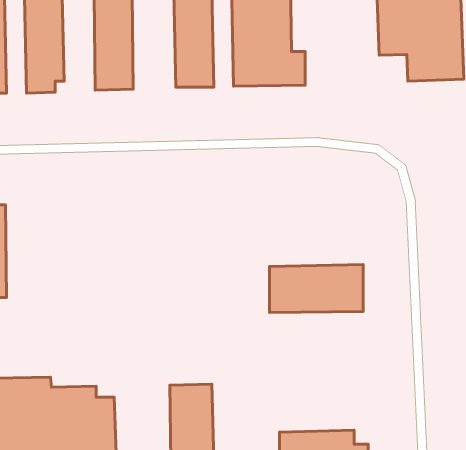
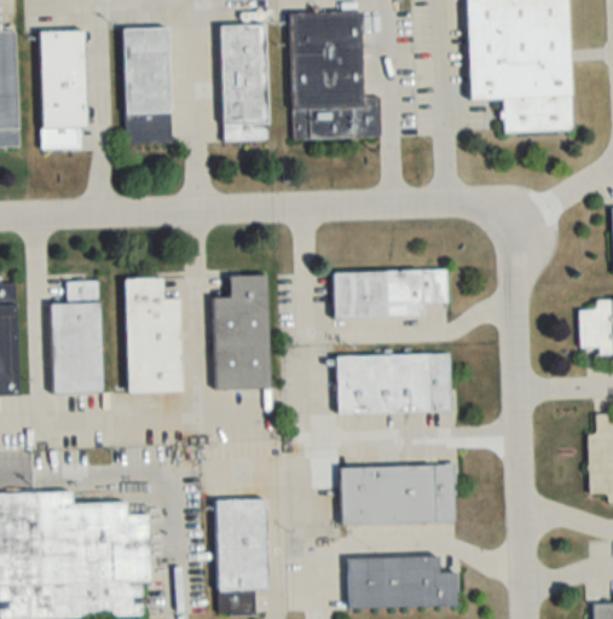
building: none -> [332,270,447,318]
building: none -> [213,276,270,391]
building: none -> [125,278,179,392]
building: none -> [50,280,100,393]
building: none -> [340,464,455,523]

